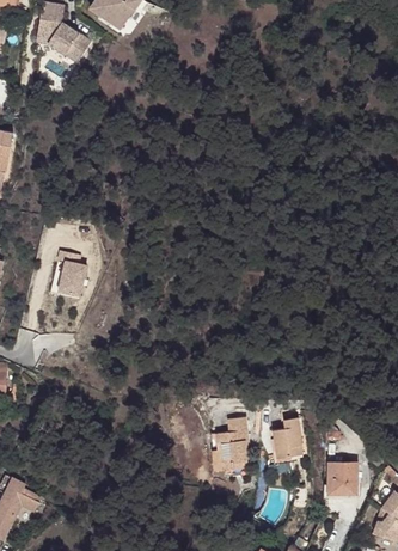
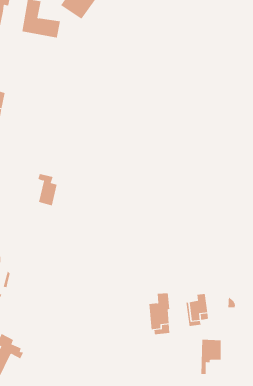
building: [326,461,356,512] -> [201,339,222,375]

